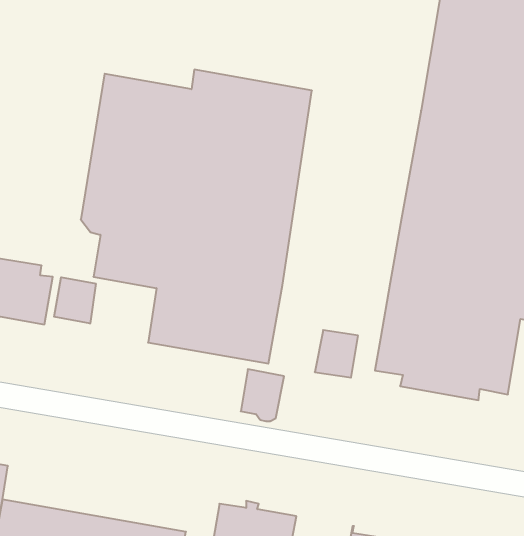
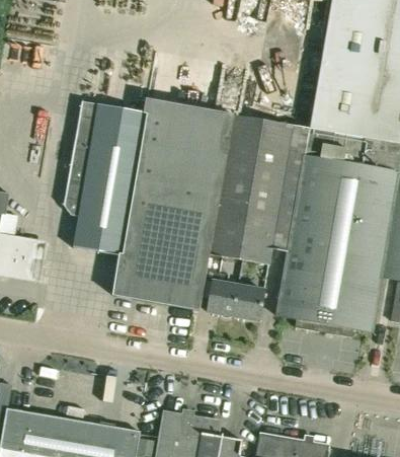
building: none -> [210,112,310,264]
building: [54,277,96,324] -> none
building: [241,369,284,421] -> [208,281,239,318]

